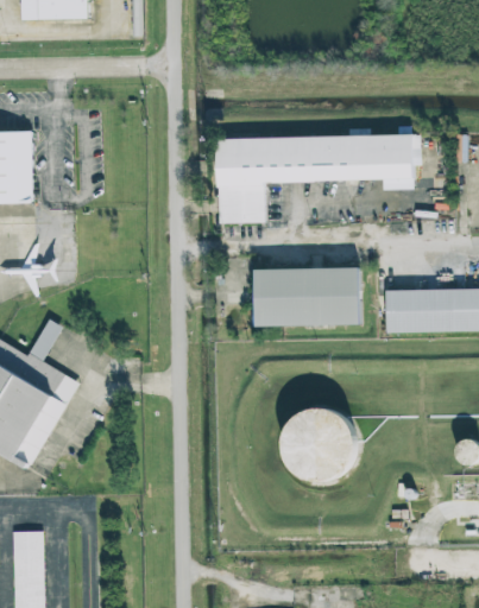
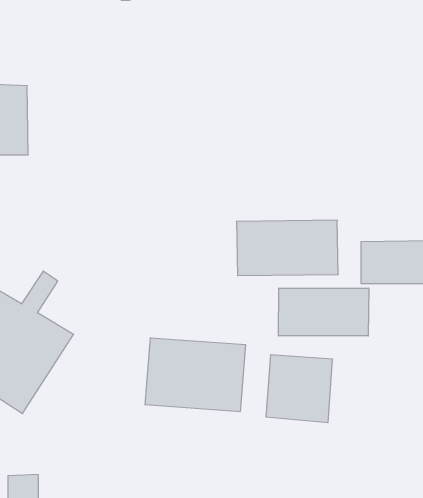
building: [214,133,420,222] -> none
building: none -> [278,288,369,336]
building: none -> [145,338,246,412]

